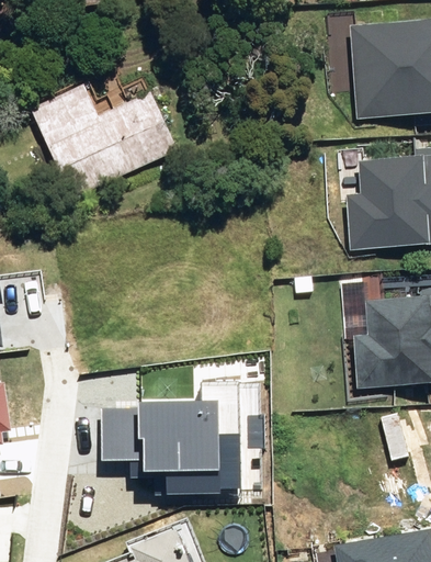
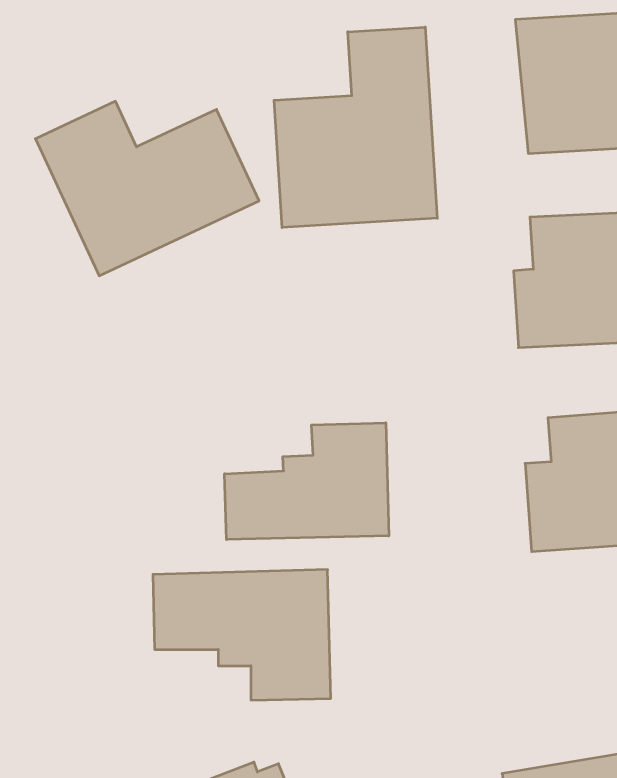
building: none -> [274,27,437,228]
building: none -> [225,423,389,540]

